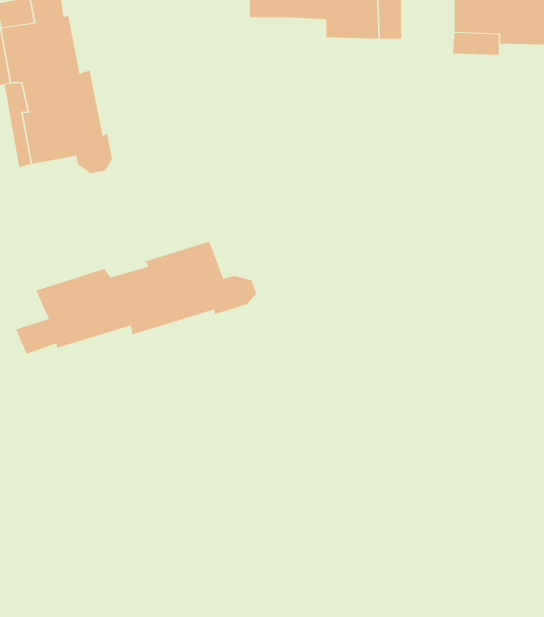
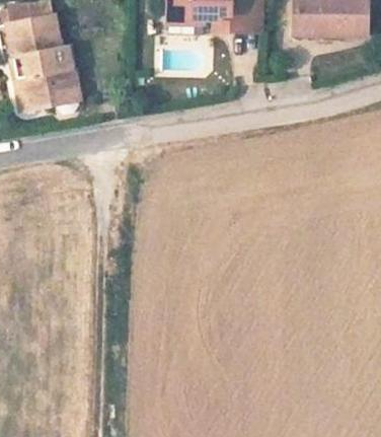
building: [15,241,257,355] -> none

